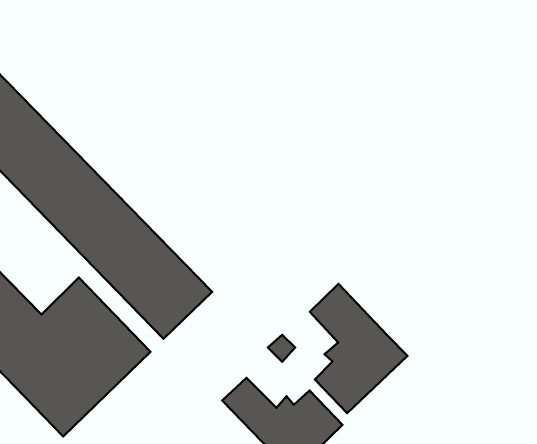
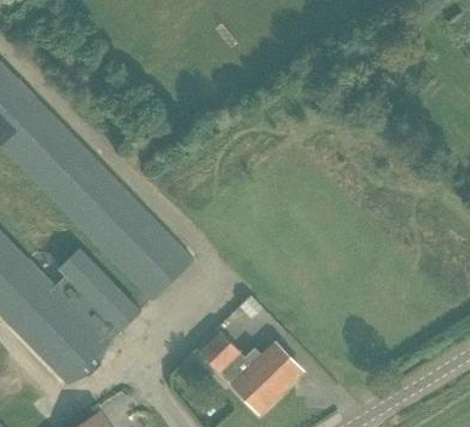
building: [310,284,407,413] -> none

